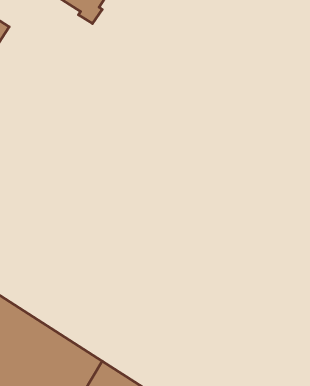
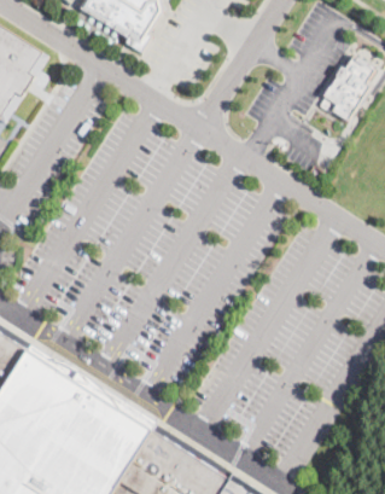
building: none -> [320,56,375,121]

